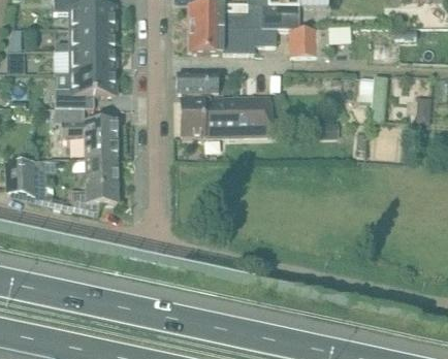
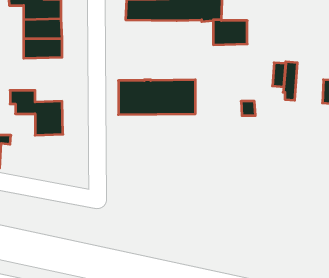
building: [189,27,277,53] -> none
building: [55,70,116,107] -> none
building: [177,72,218,97] -> none
building: [72,159,118,203] -> none

